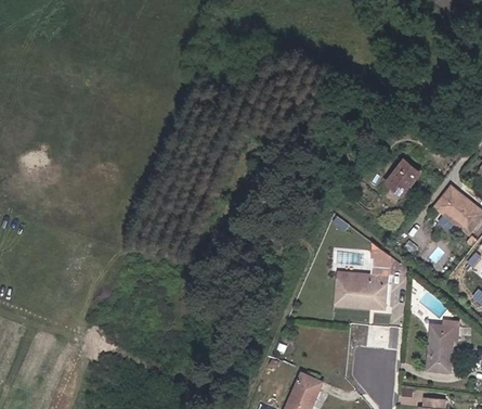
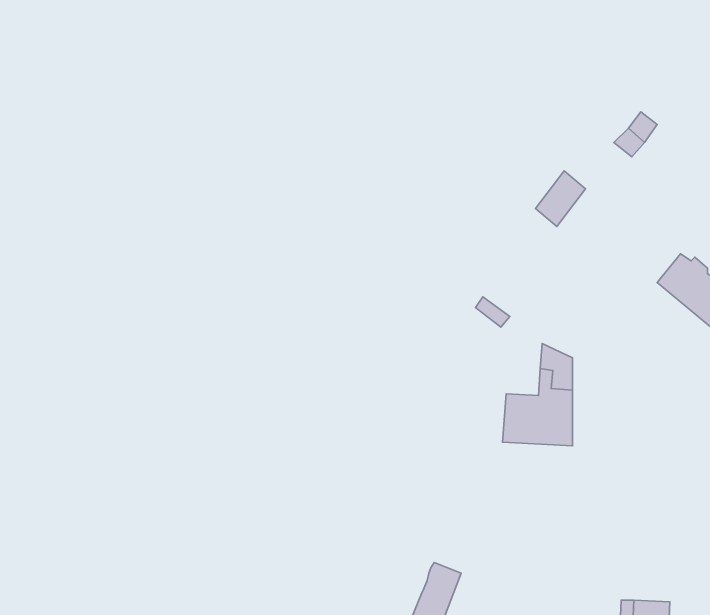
building: [390,156,420,190] -> [535,171,586,227]
building: [428,319,458,372] -> none

